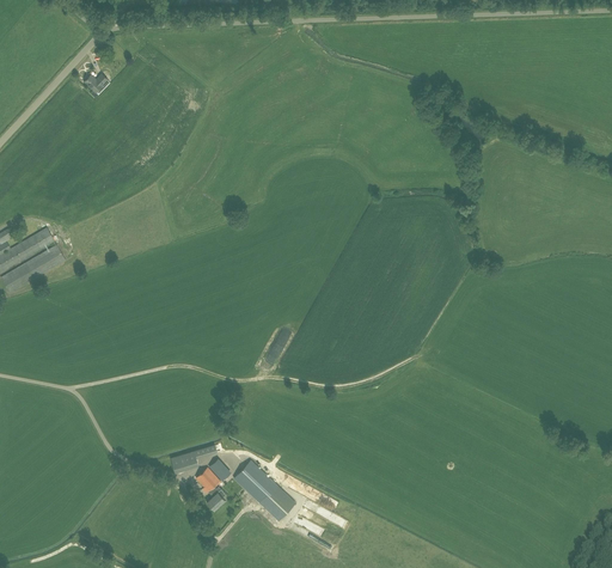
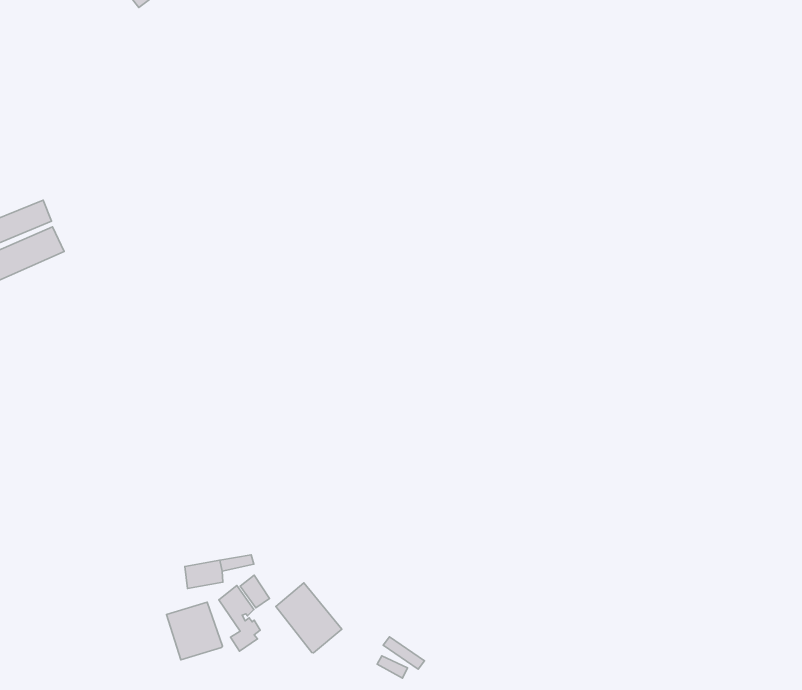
building: none -> [167,602,222,660]
building: [261,487,294,520] -> none

